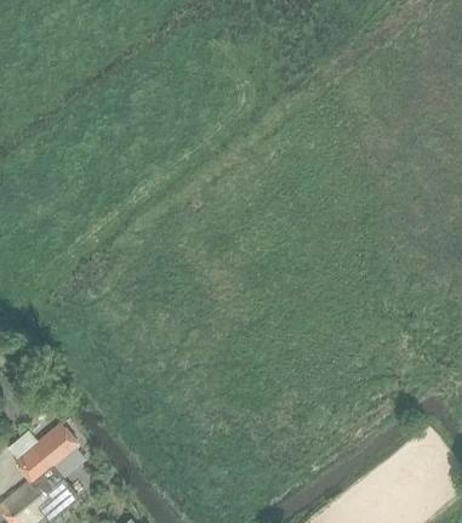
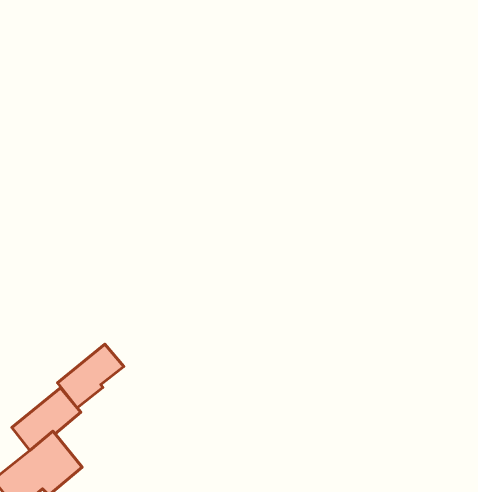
building: none -> [58,344,124,408]

